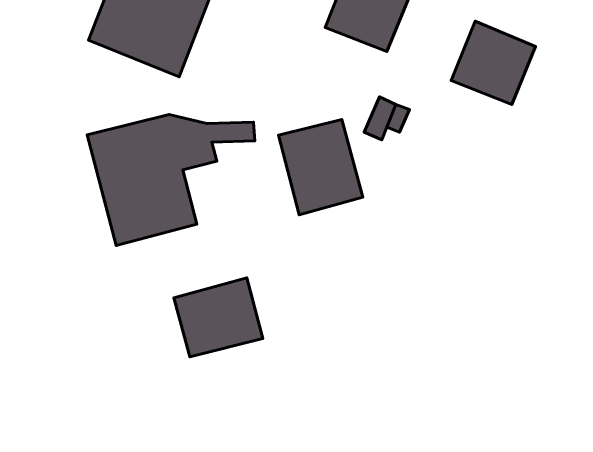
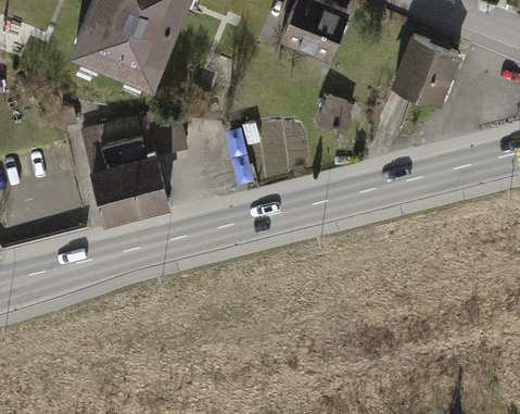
building: [278,119,363,215] -> none
building: [174,278,263,357] -> none

